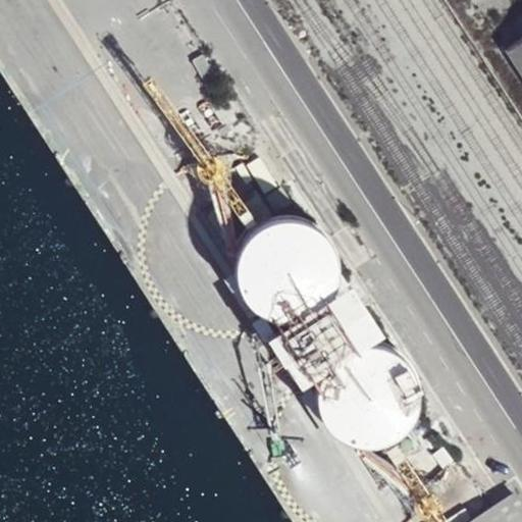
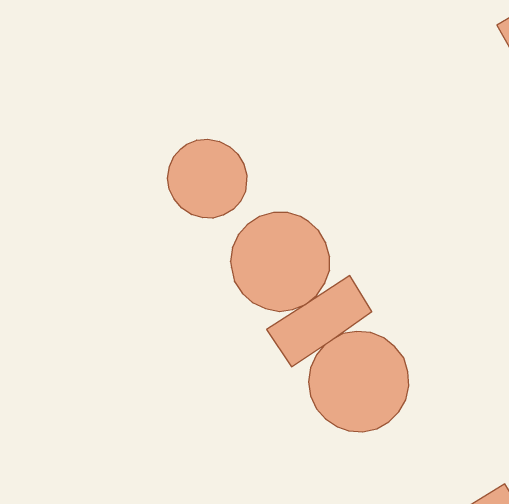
building: none -> [168,139,247,218]

